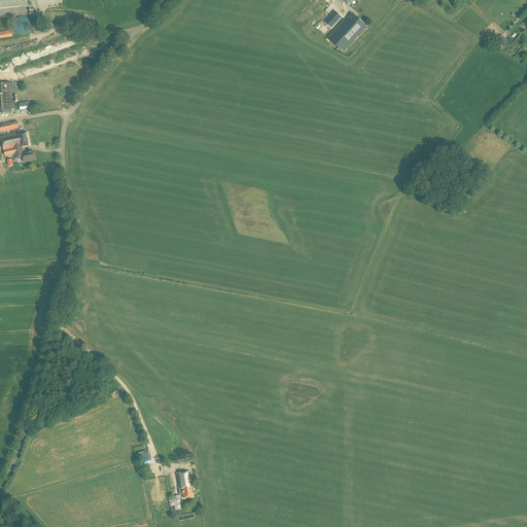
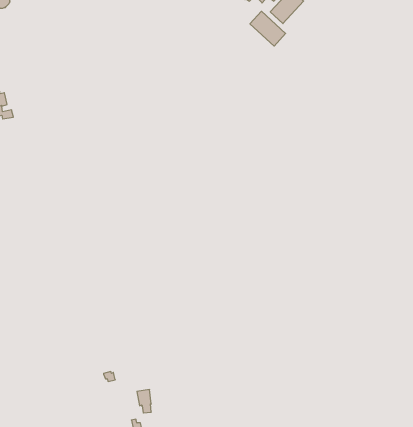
building: none -> [250,11,286,46]

